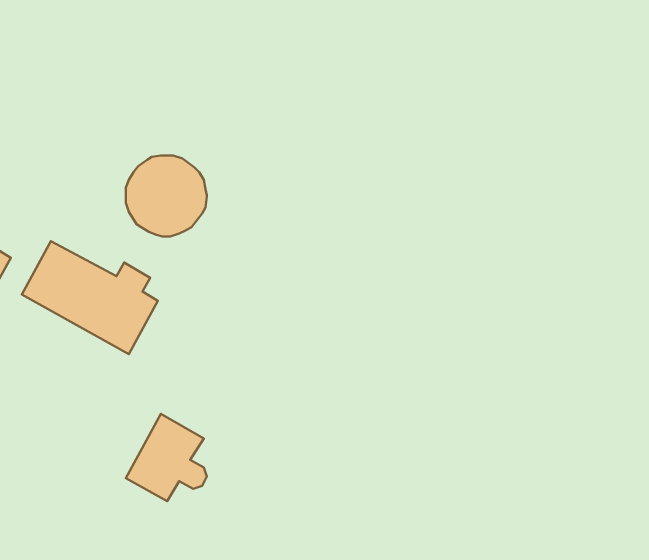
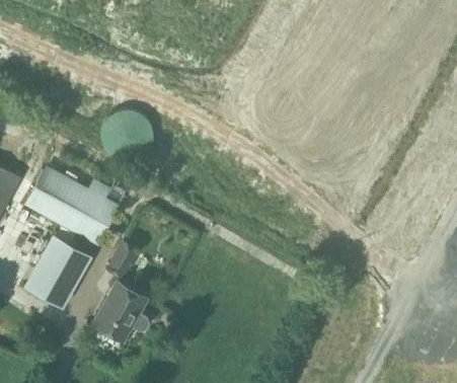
building: none -> [22,235,88,308]
building: none -> [107,241,137,279]

